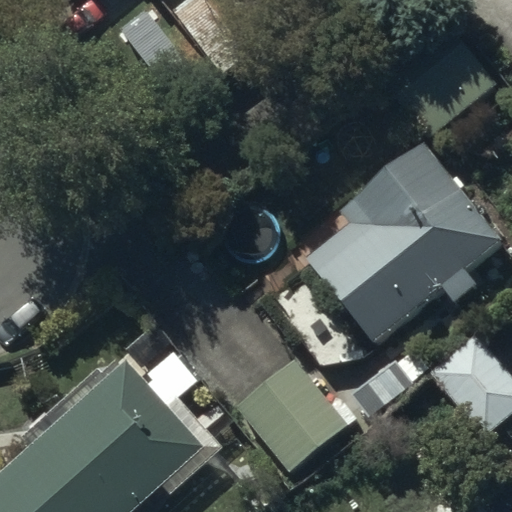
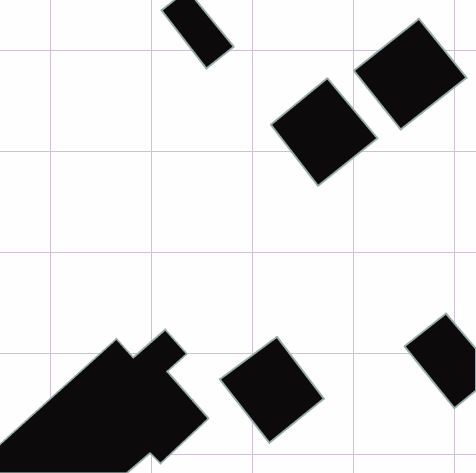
building: none -> [271,78,378,186]
building: [306,143,500,343] -> none

